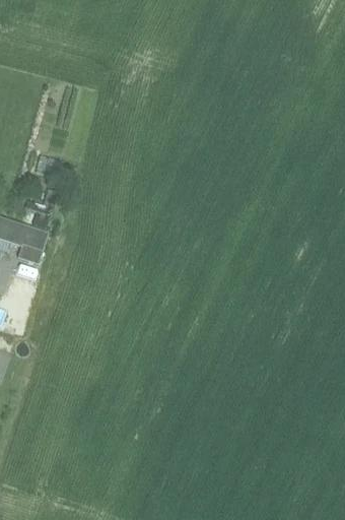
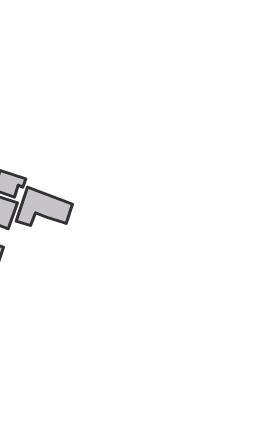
building: none -> [16,187,72,225]

